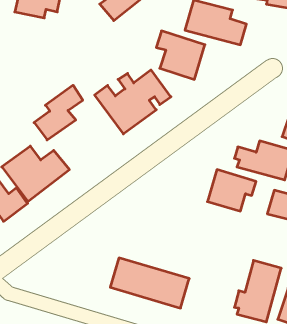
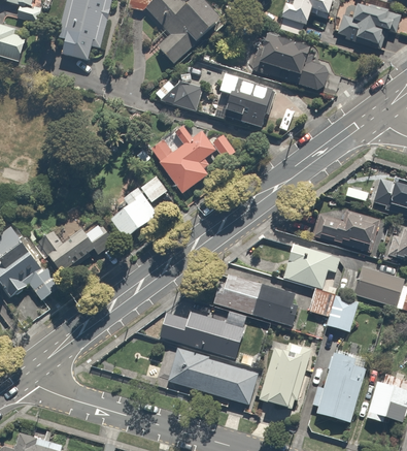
building: none -> [163,76,202,112]
building: [34,85,83,140] -> [109,172,167,237]
building: none -> [211,271,296,324]
building: none -> [307,288,359,330]
building: none -> [158,310,247,358]
building: none -> [260,344,308,418]

